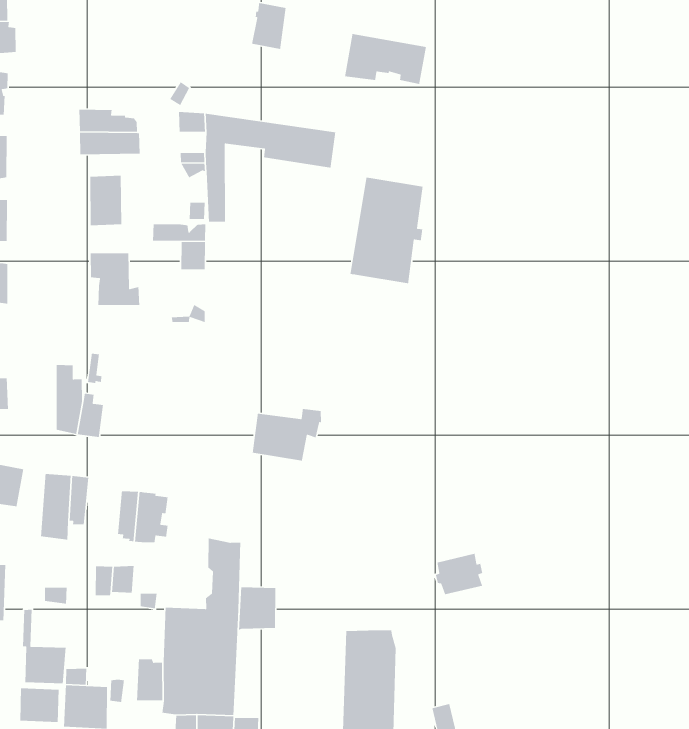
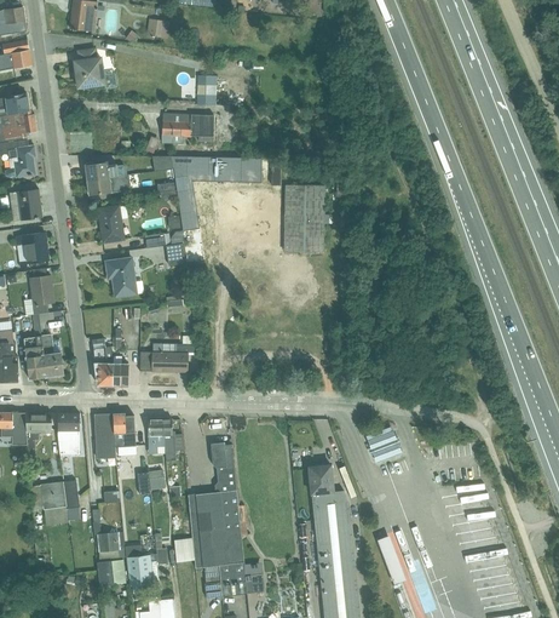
building: [344,33,427,85] -> [160,113,213,143]
building: [252,408,322,462] -> [151,336,196,372]
building: [238,586,276,631] -> [306,463,334,496]

